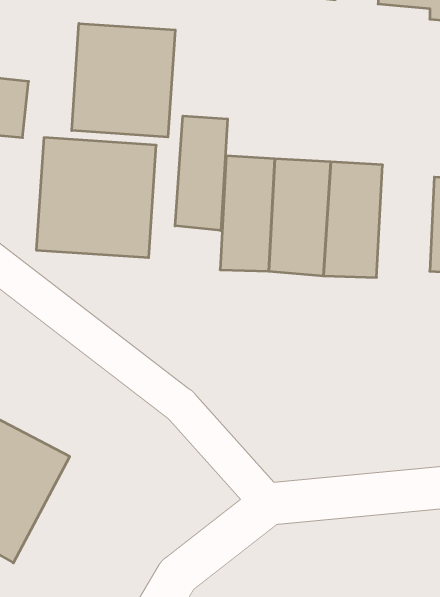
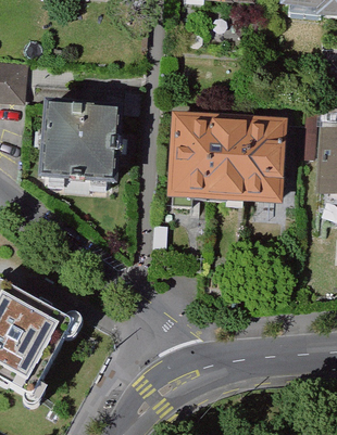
building: [72,23,175,137] -> none
building: [175,116,228,231] -> none

